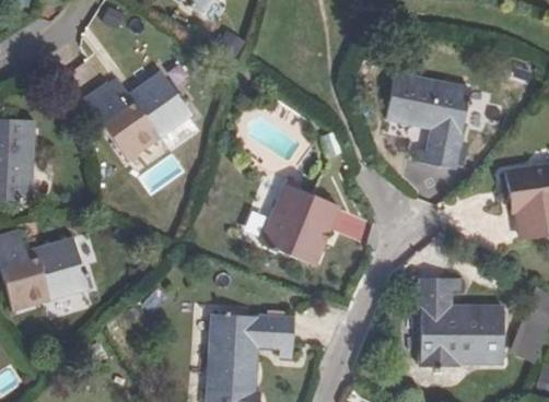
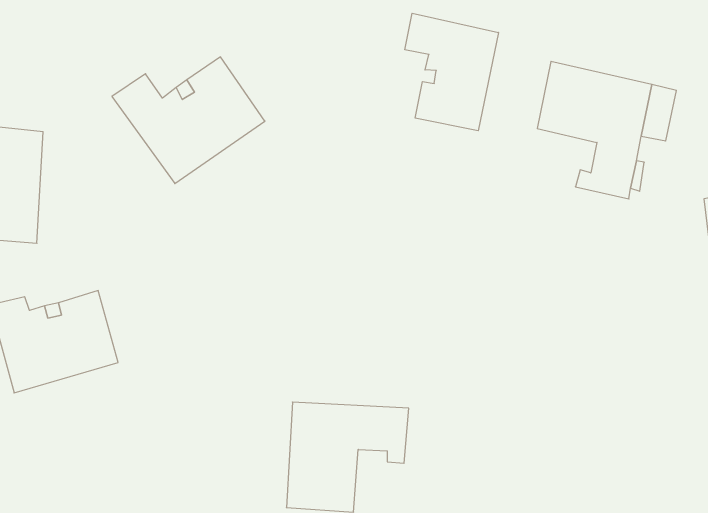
building: none -> [405,13,498,131]
building: [261,184,339,264] -> none
building: [421,277,504,367] -> none

